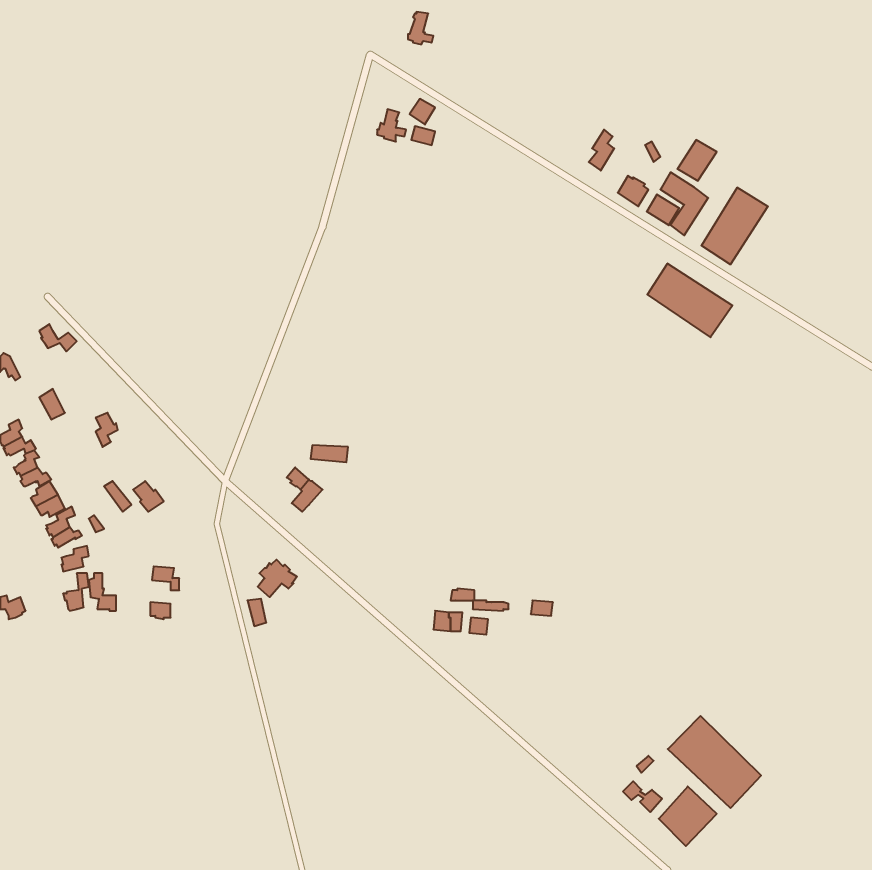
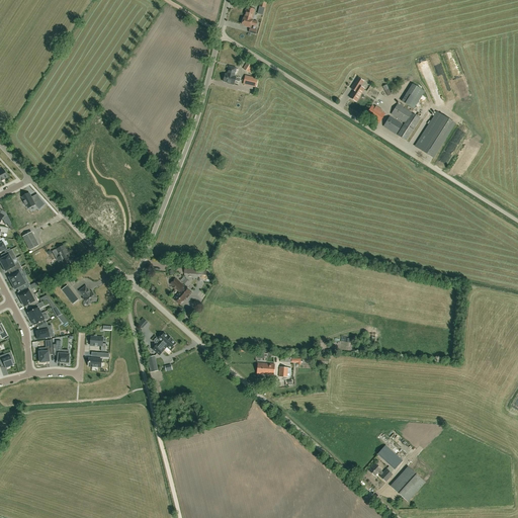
building: [647,263,732,337] -> none
building: [668,716,761,808] -> none

